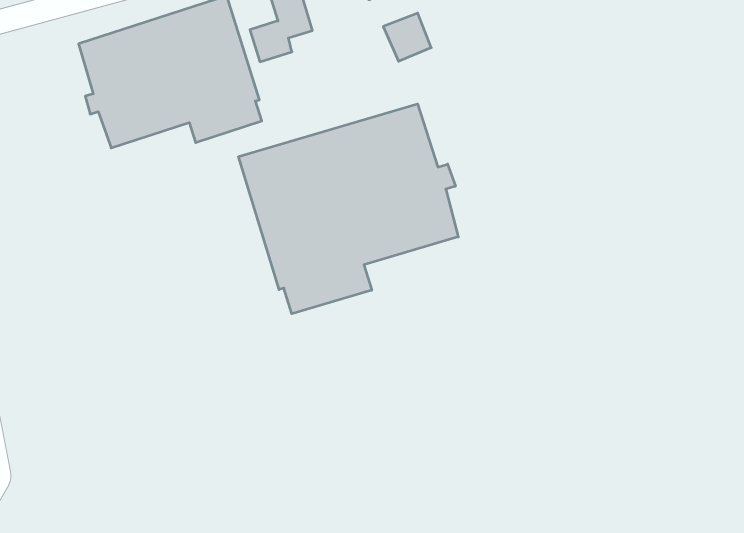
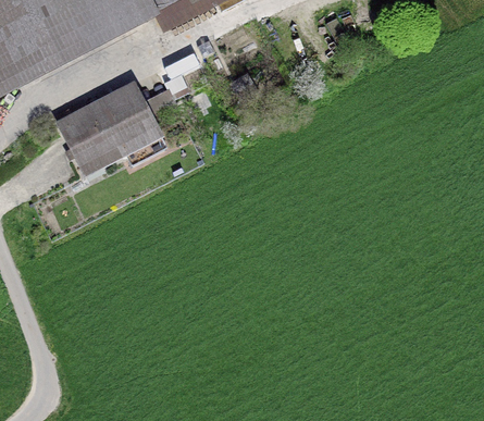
building: [239,104,458,314] -> none

